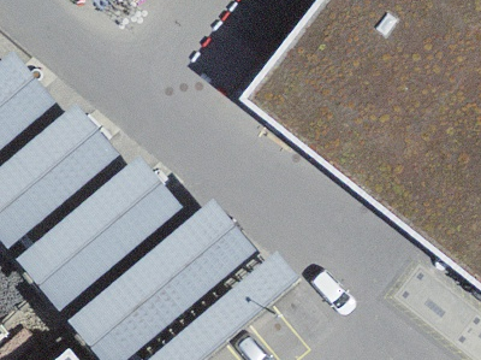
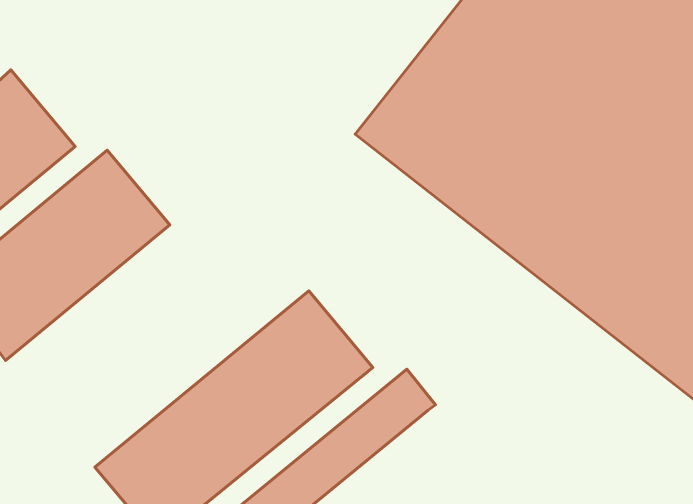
building: [19,155,182,307] -> none

